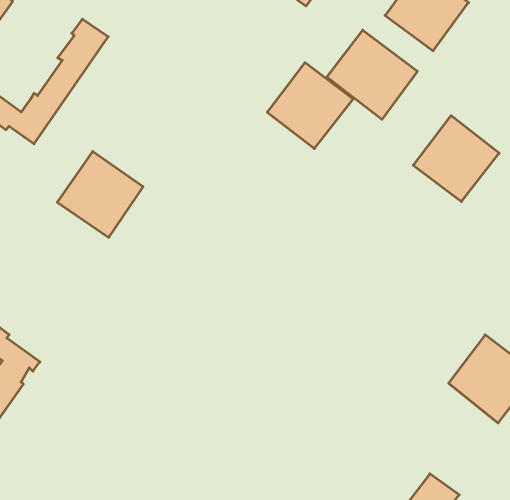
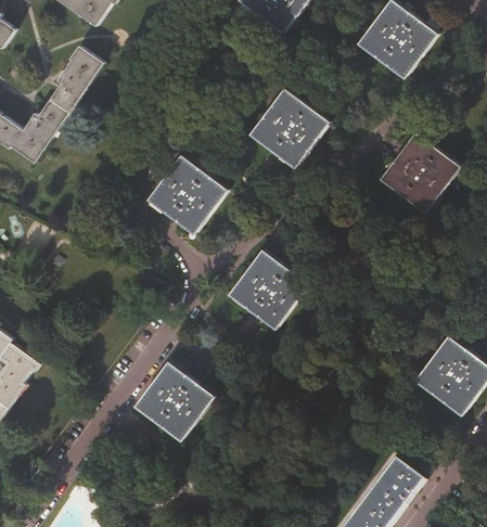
building: [327,30,417,119] -> none
building: [57,151,143,237] -> [146,153,226,232]
building: none -> [230,250,309,329]
building: none -> [132,360,214,440]

